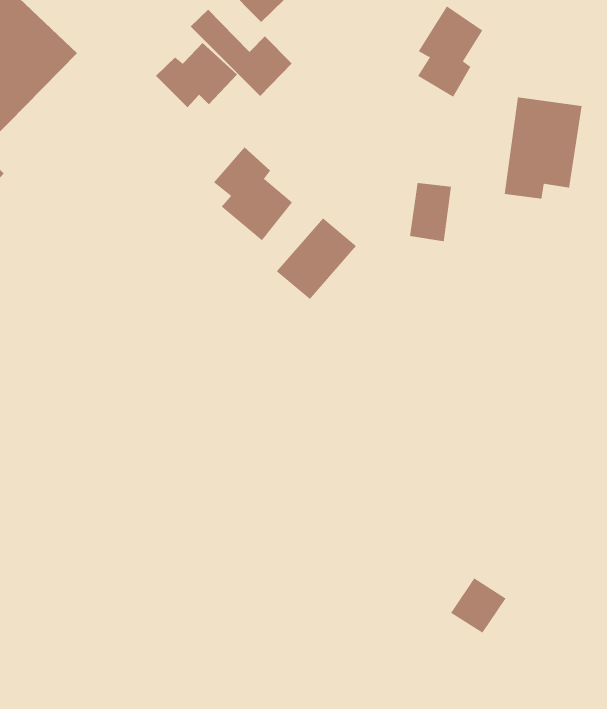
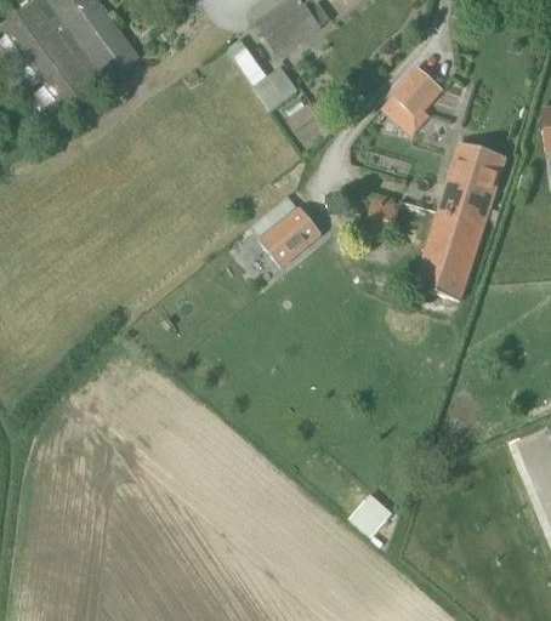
building: [155,42,238,108] -> none
building: [213,147,293,241] -> none
building: none -> [415,207,488,298]

